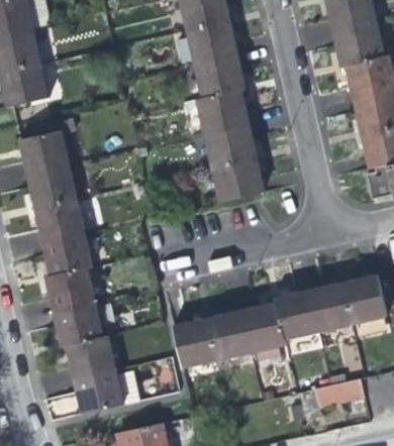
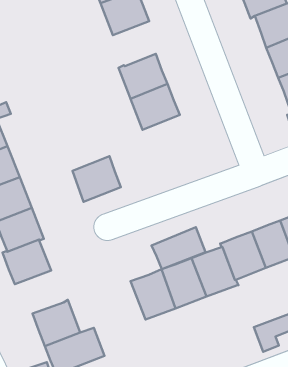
building: [194,54,242,98] -> none
building: [211,157,260,202] -> [72,156,121,202]
building: none -> [152,227,206,269]
building: [54,302,102,346] -> none

